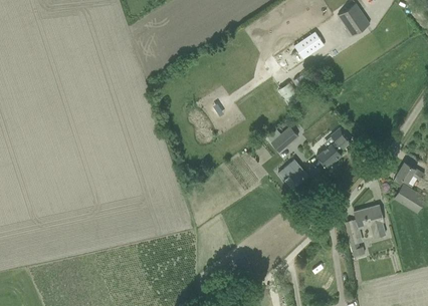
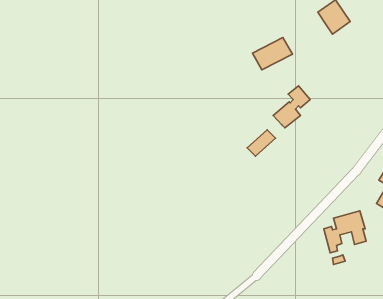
building: [315,127,351,168] -> [273,86,310,128]
building: [277,160,307,185] -> none

